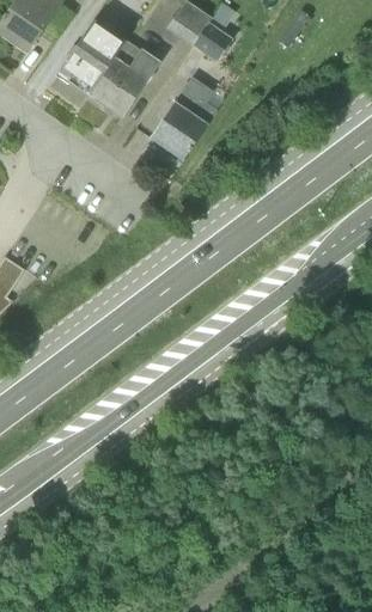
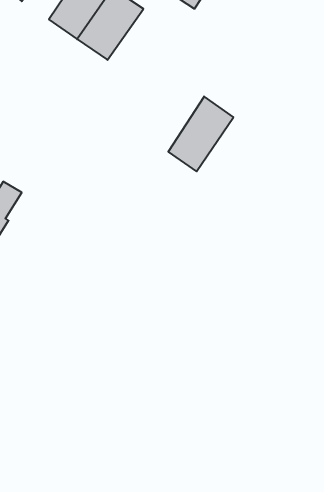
building: [152,76,224,159] -> [168,96,233,171]

